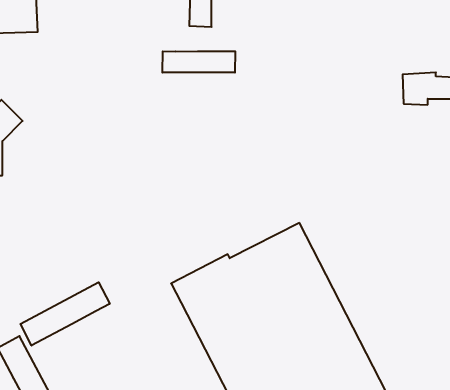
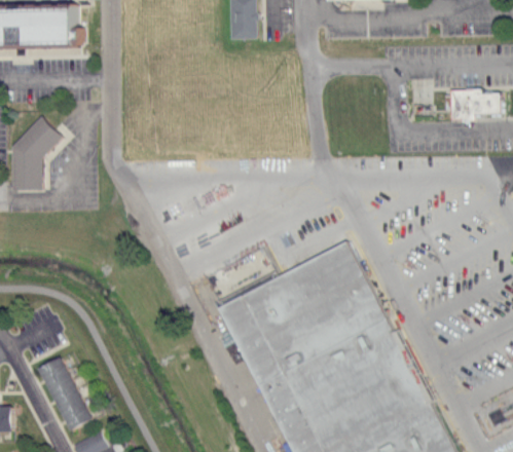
building: [162,51,235,73] -> none
building: [20,282,110,346] -> none

